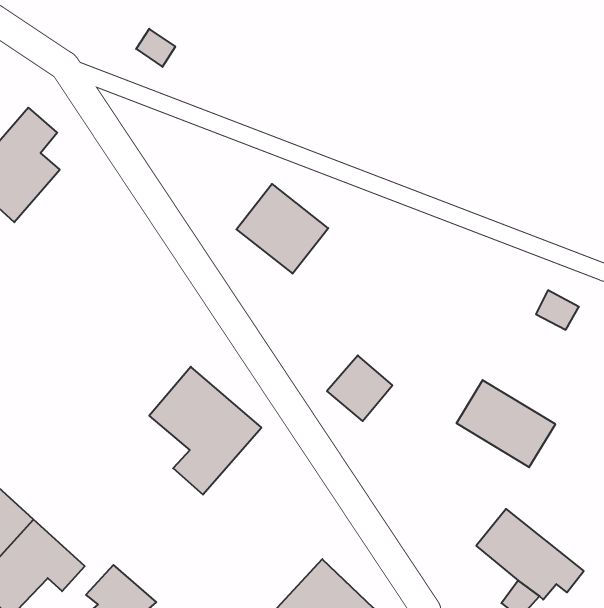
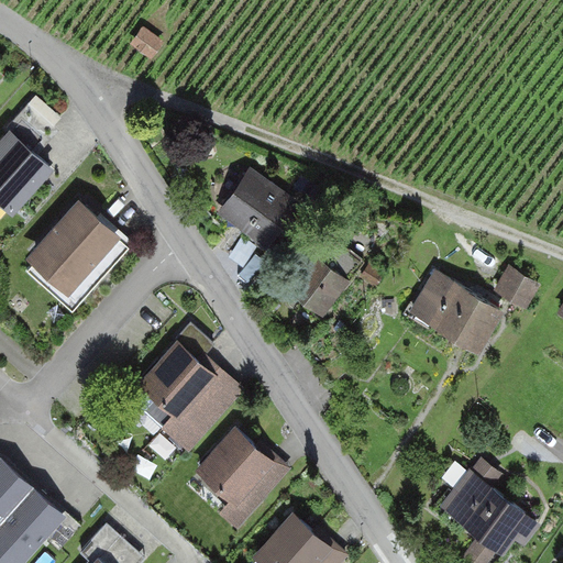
building: none -> [23,202,117,297]
building: [327,355,392,421] -> [290,257,351,318]
building: [456,380,555,467] -> [411,269,503,350]
building: none -> [197,430,285,534]

